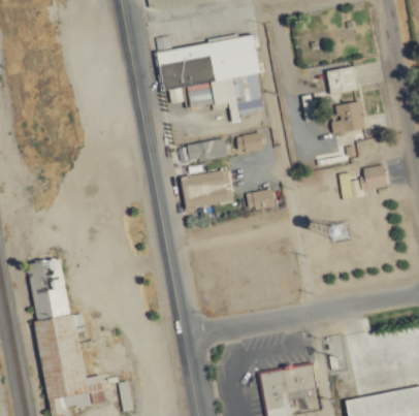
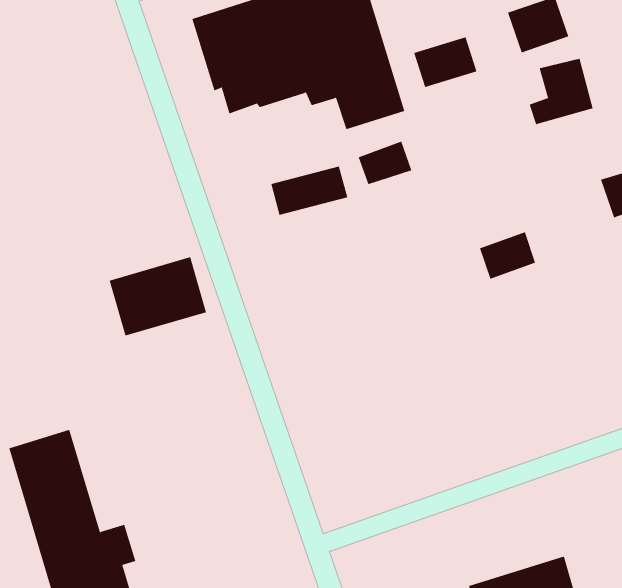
building: none -> [414,36,477,88]
building: [183,170,232,207] -> [109,257,207,336]
building: [246,188,275,211] -> [479,232,536,280]

